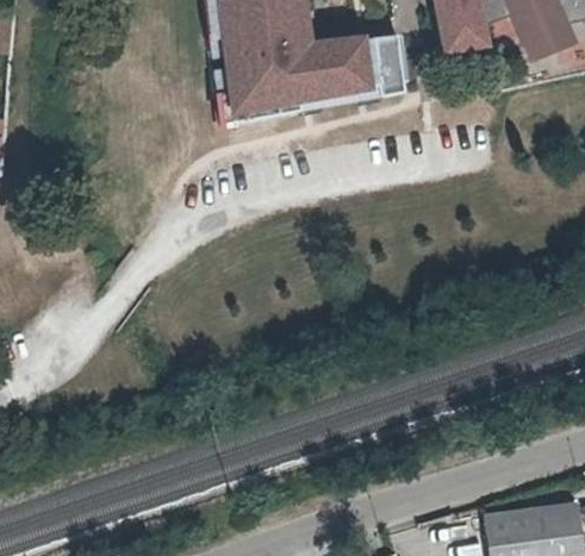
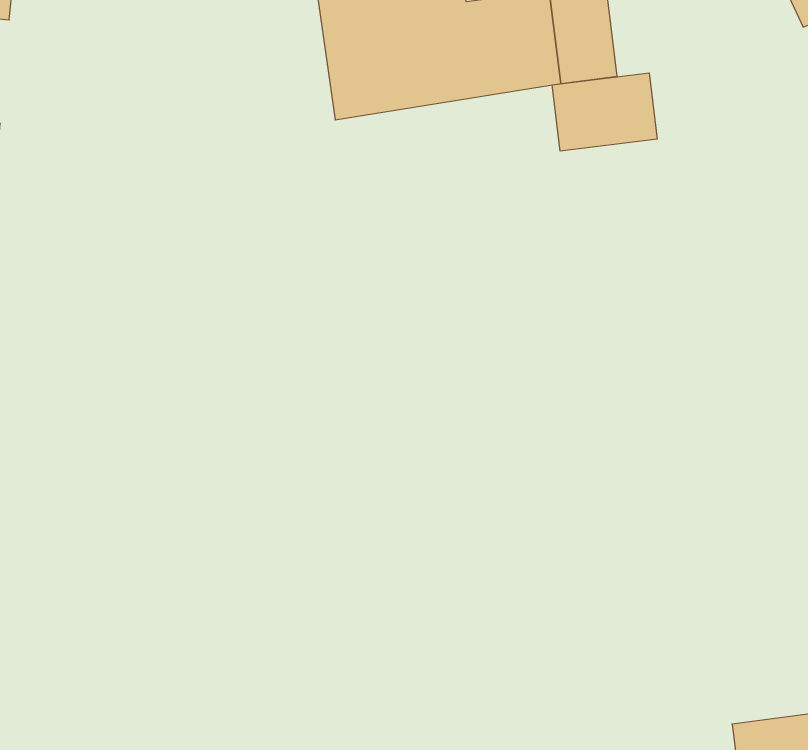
building: none -> [552,73,657,151]

